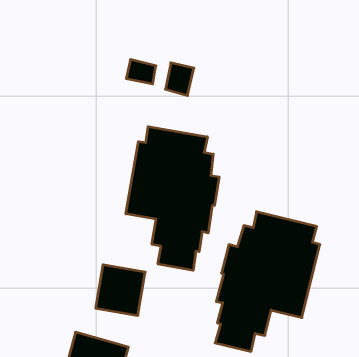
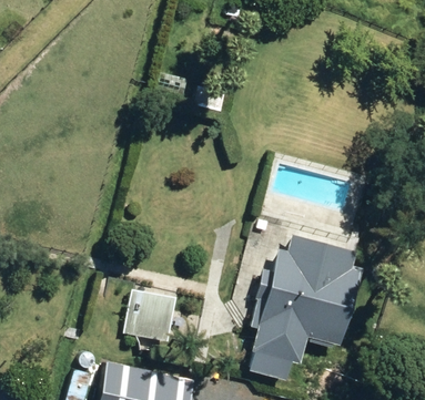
building: [126,127,219,270] -> none

